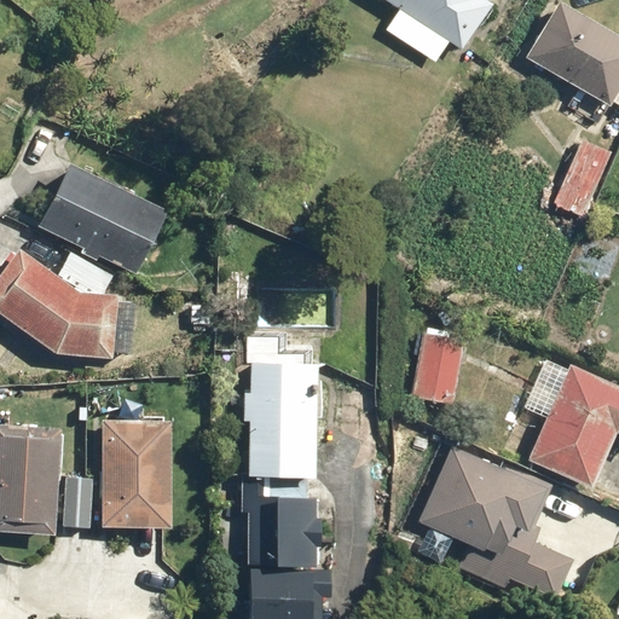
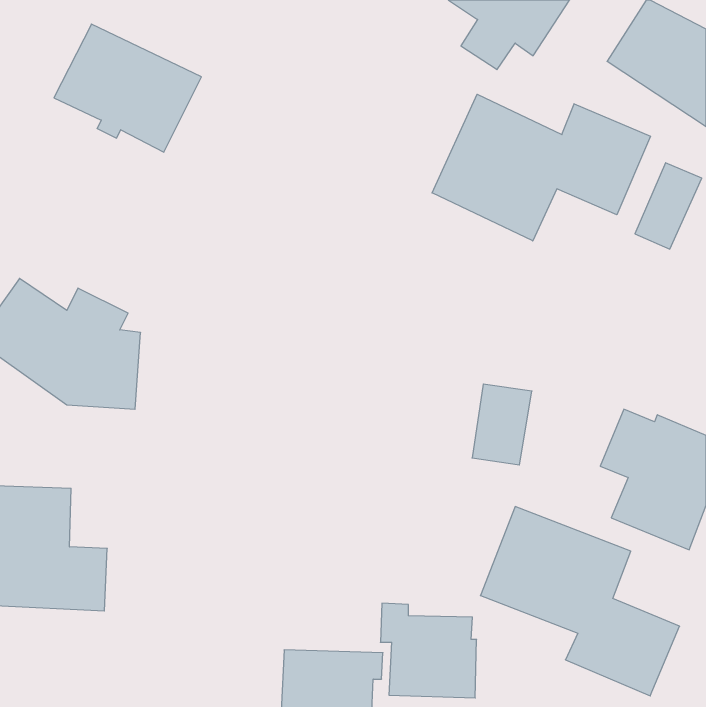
building: none -> [432,94,651,241]
building: [41,163,169,274] -> [54,24,201,152]
building: [242,361,319,476] -> none
building: [100,420,172,526] -> none
building: [239,482,323,565] -> [380,603,477,698]

